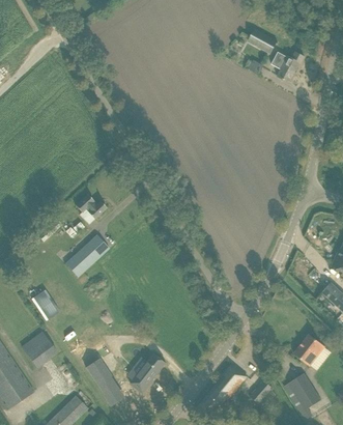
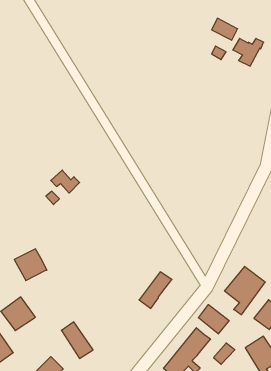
building: [64,233,109,276] -> none
building: none -> [225,266,265,315]
building: none -> [198,305,229,334]
building: [132,350,167,390] -> [139,272,172,308]

